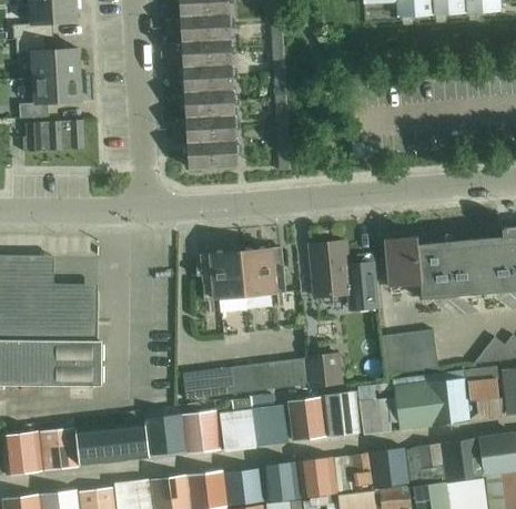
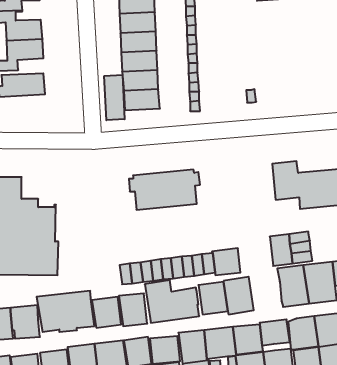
building: none -> [104,75,125,120]
building: [310,242,378,309] -> none
building: [357,384,396,434] -> none

